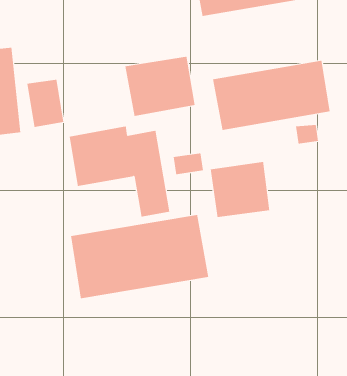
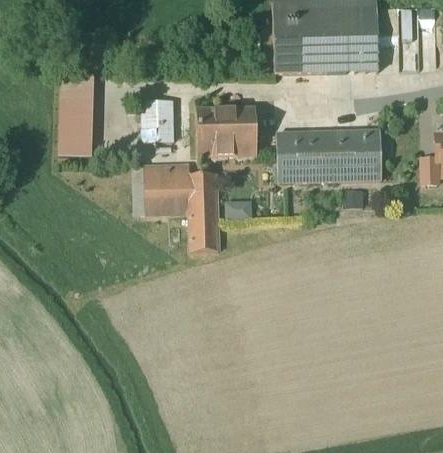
building: [27,79,64,128] -> [144,101,174,143]
building: [210,161,270,218] -> none
building: [70,214,209,299] -> none

